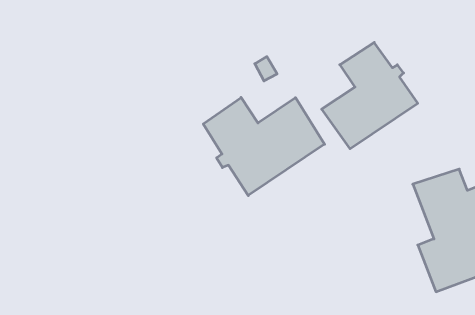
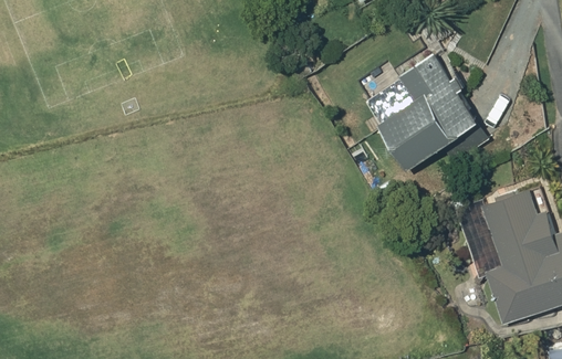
building: [203,97,325,196] -> none

